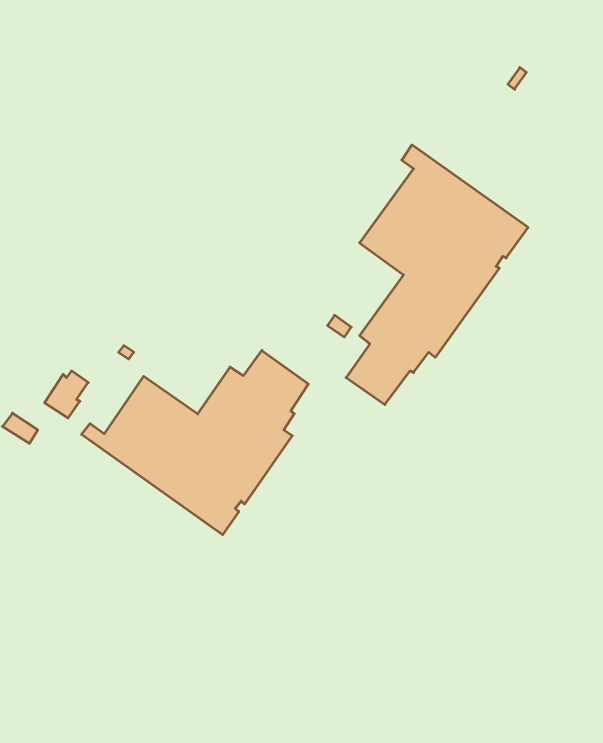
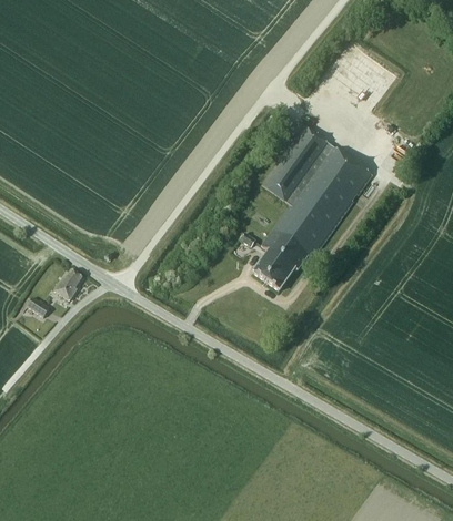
building: [82,350,308,535] -> none

